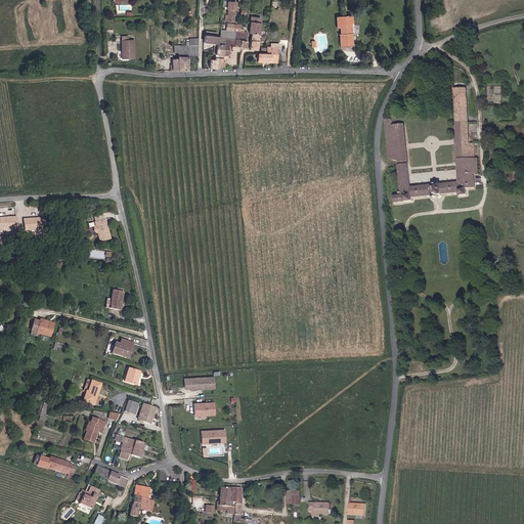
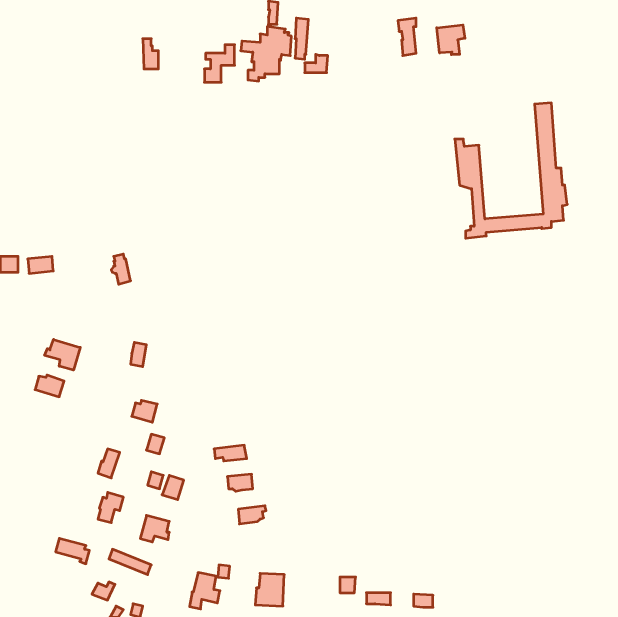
building: none -> [437,25,465,55]
building: none -> [45,339,80,370]
building: [128,484,154,515] -> [190,573,220,609]

